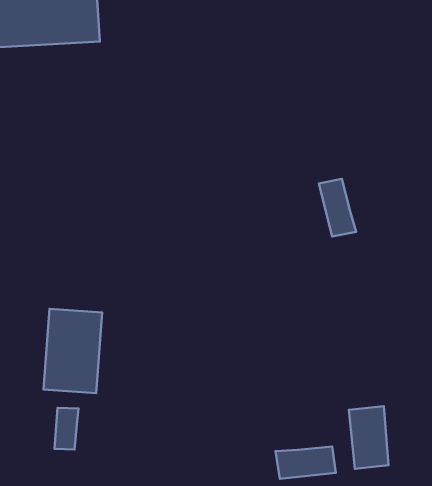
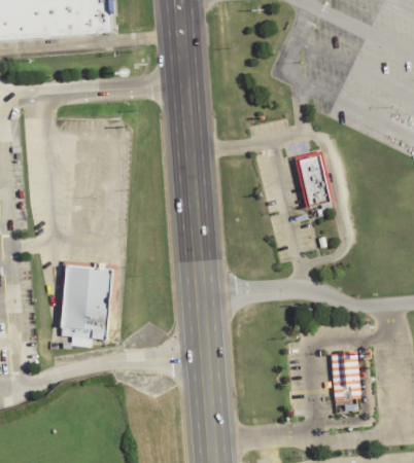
building: [55,408,79,450] -> none
building: [276,447,336,479] -> none

